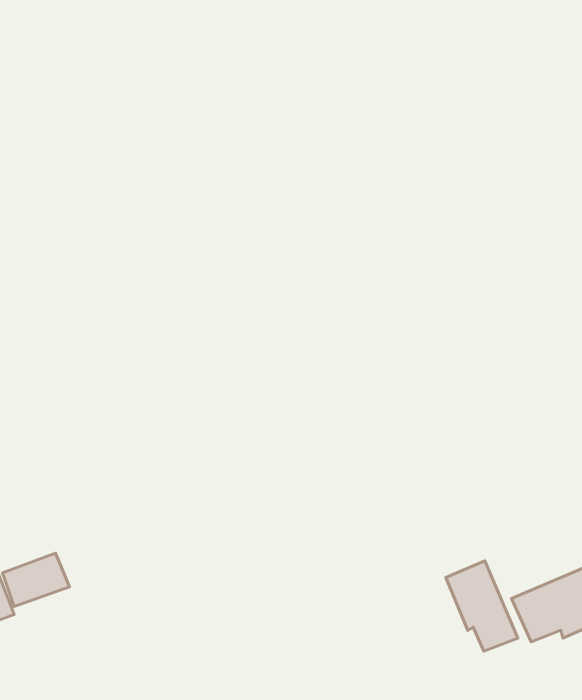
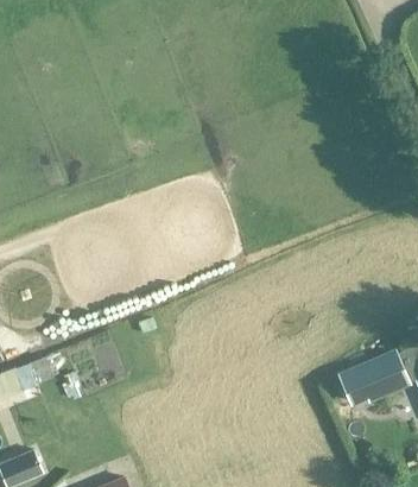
building: [446,561,518,651] -> none

